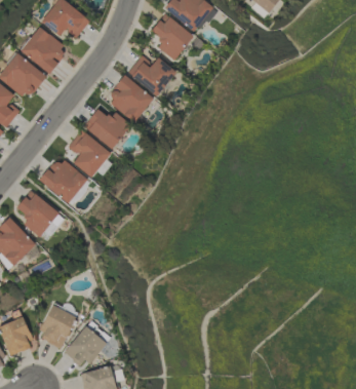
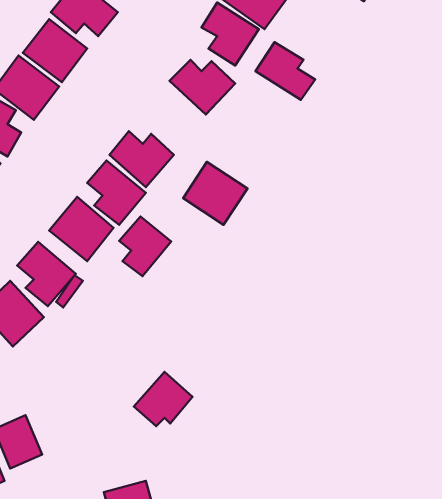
building: none -> [256,42,315,100]
building: [106,77,153,123] -> [183,162,247,225]
building: none -> [119,216,171,276]
building: [36,305,77,348] -> none
building: [63,326,106,366] -> [134,372,193,426]

